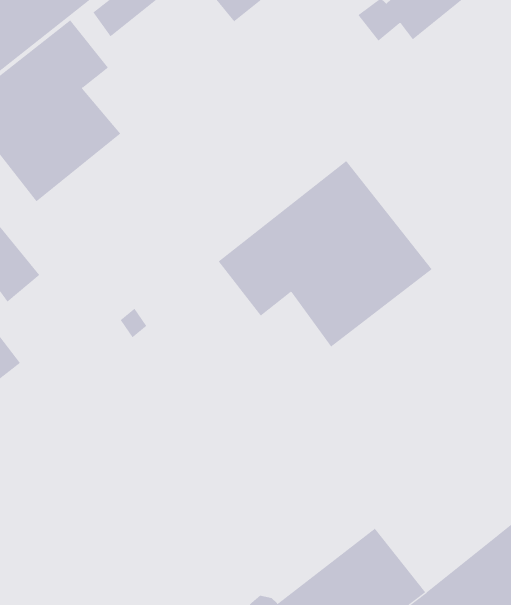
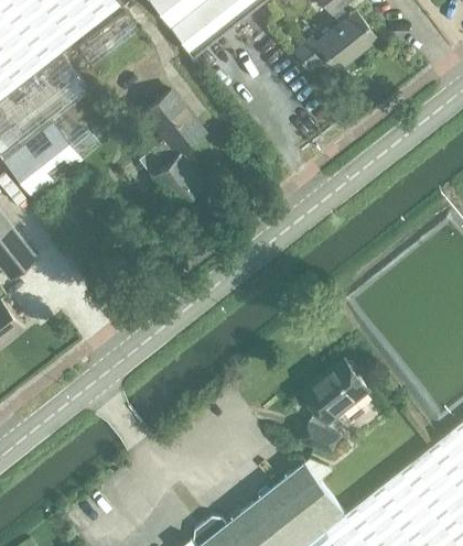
building: none -> [138,88,205,203]
building: [218,160,433,348] -> none
building: none -> [303,357,369,448]

